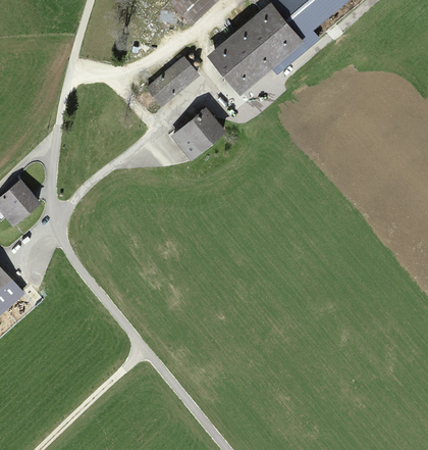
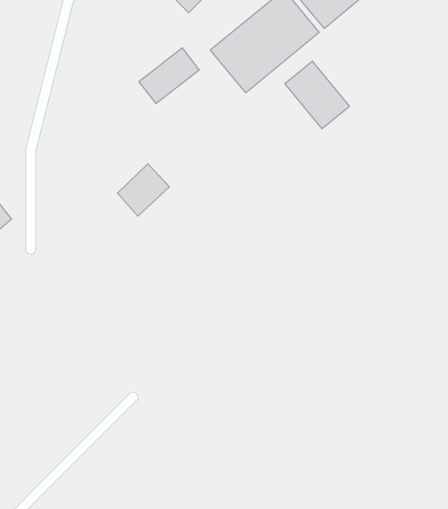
building: none -> [285,61,349,129]
building: [181,107,225,151] -> [117,164,169,216]

